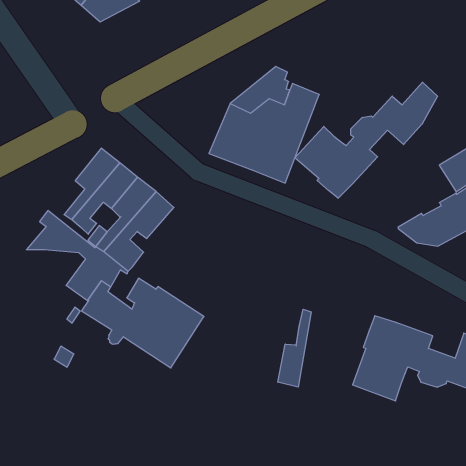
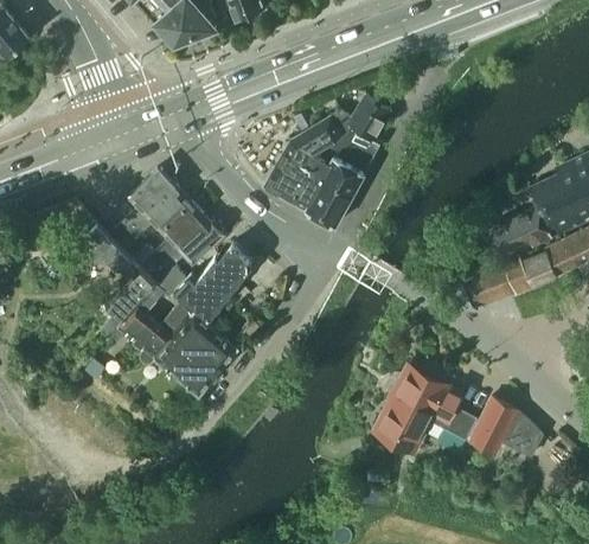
building: none -> [347,95,389,143]
building: [295,82,437,198] -> none
building: none -> [173,244,248,318]
building: [278,309,311,387] -> none

